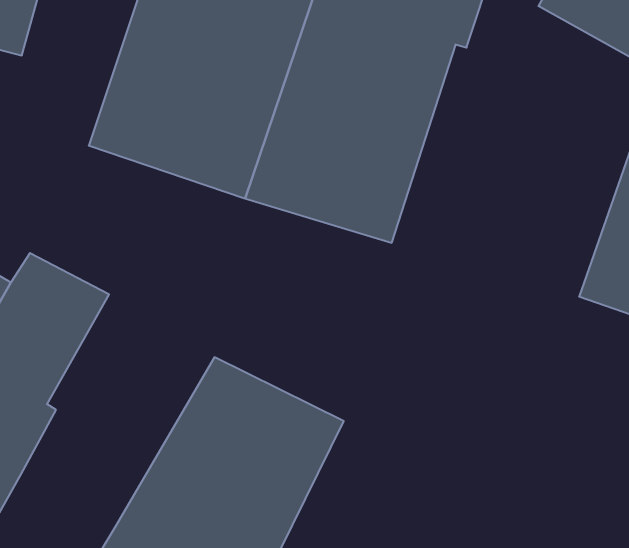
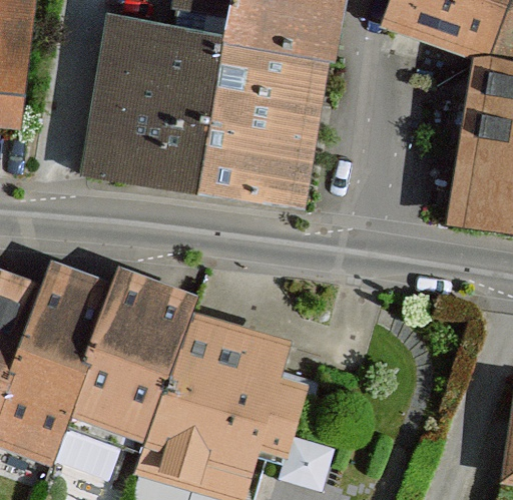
building: none -> [71,266,198,443]

